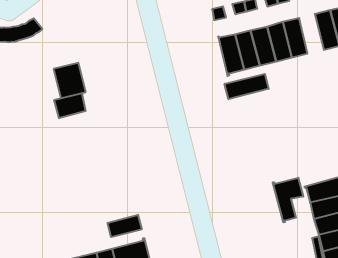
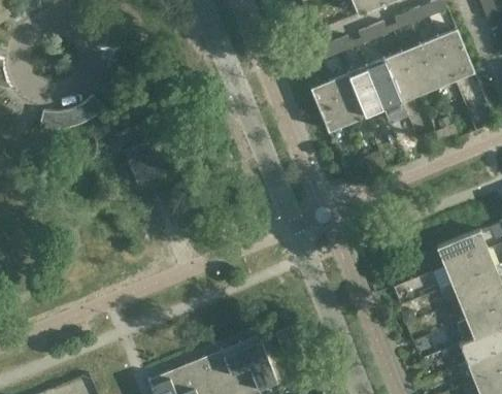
building: none -> [402,46,436,94]
building: [225,74,269,99] -> none
building: [54,93,86,118] -> none
building: [273,178,303,222] -> none
building: [108,215,142,237] -> none

